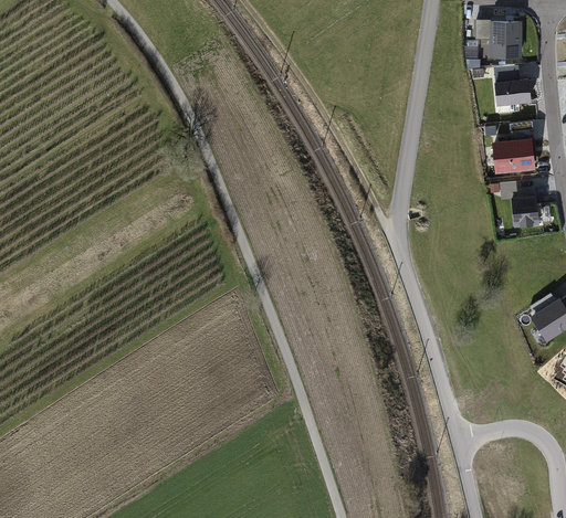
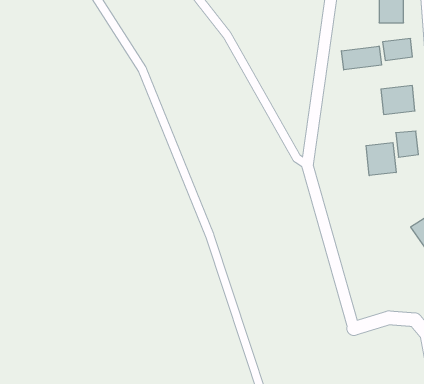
building: none -> [341,46,381,70]
building: none -> [366,143,396,176]

